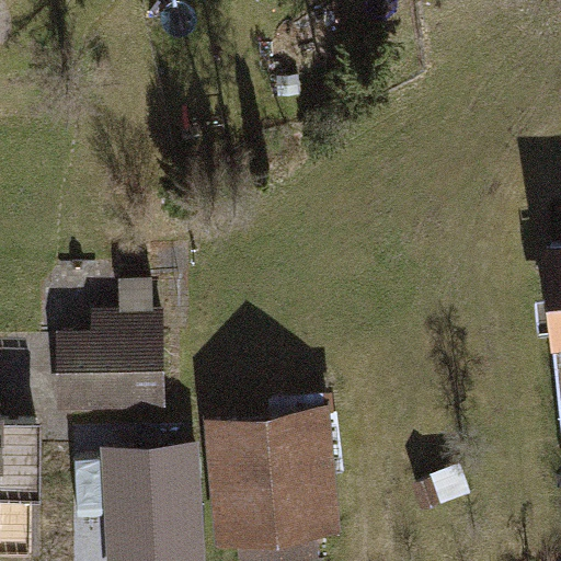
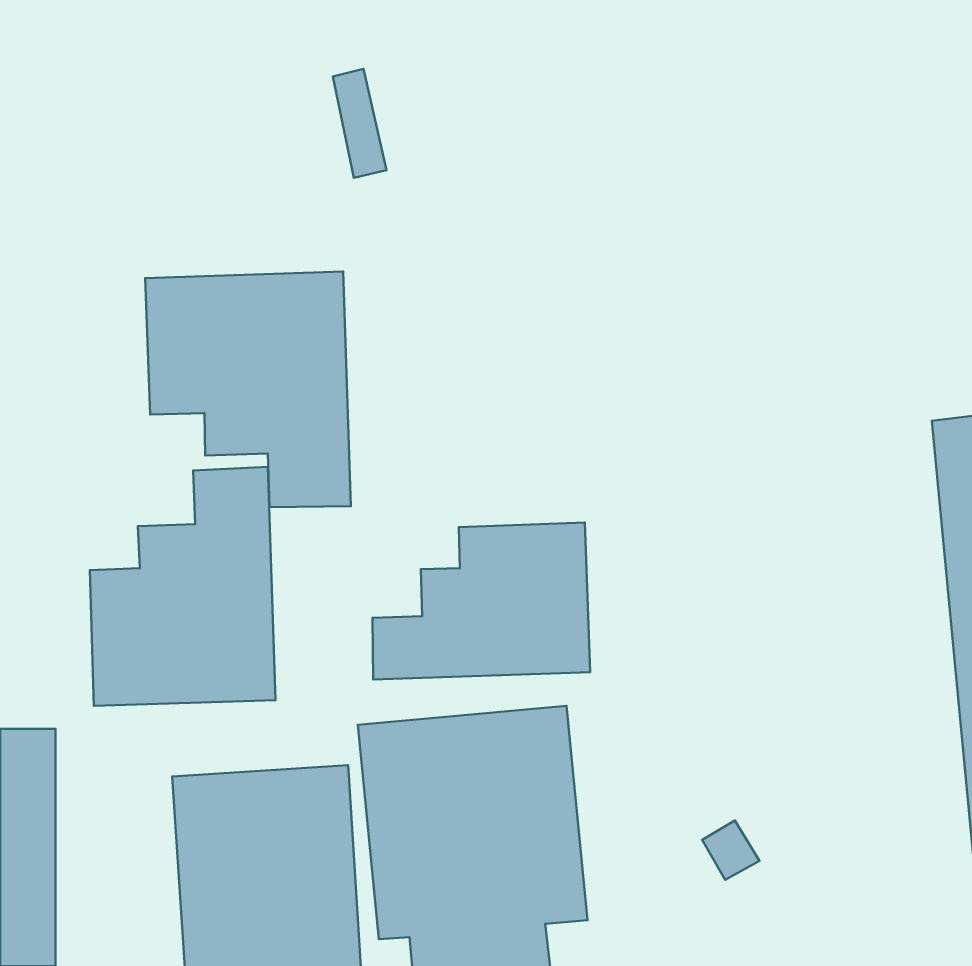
building: none -> [145,271,351,507]
building: none -> [373,523,590,679]

